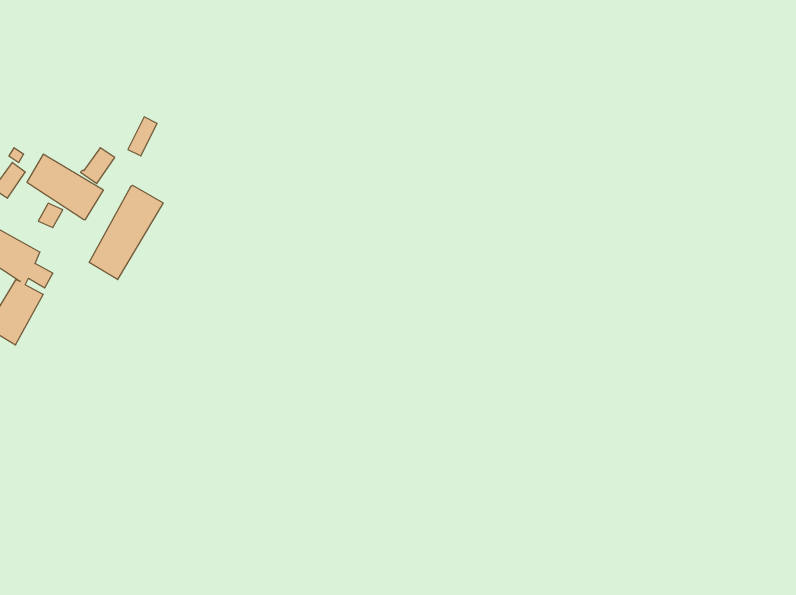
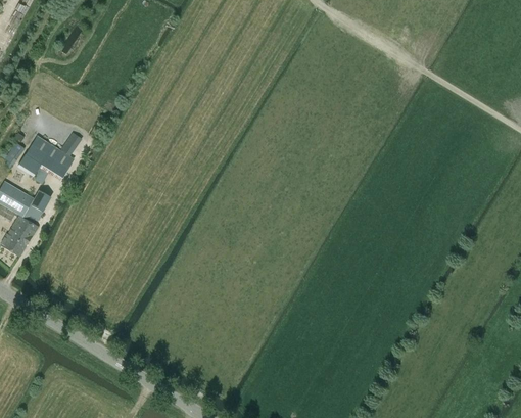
building: [89,185,163,280] -> none

